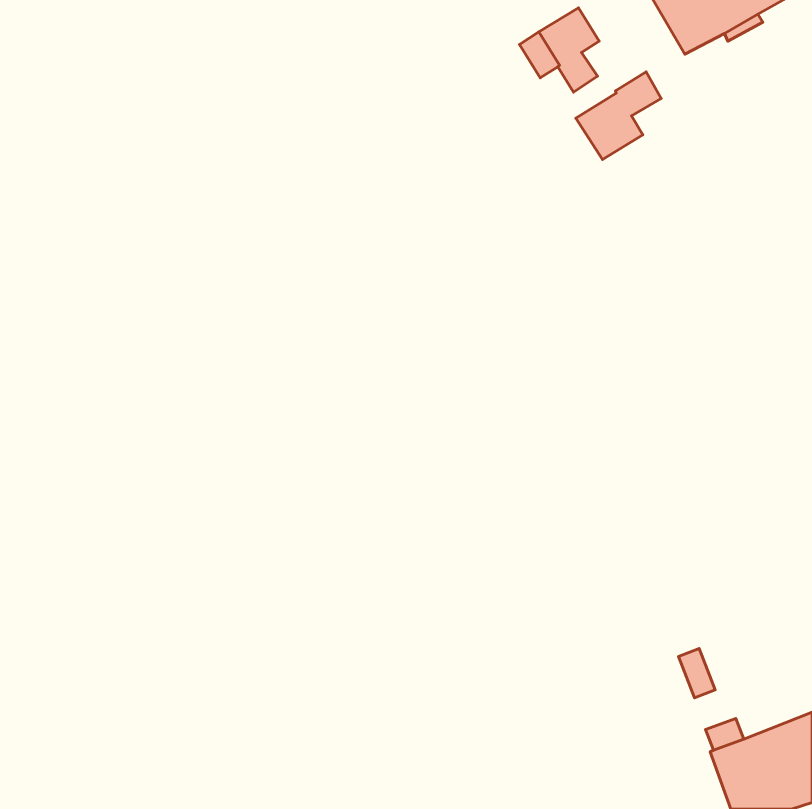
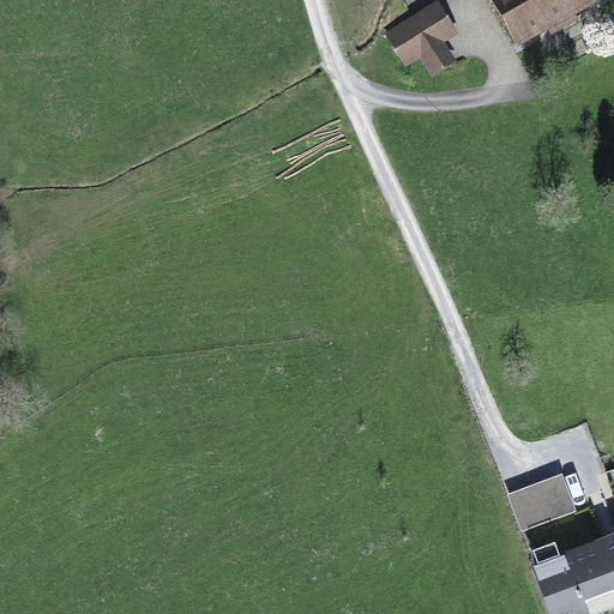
building: [576,72,661,160] -> none
building: none -> [528,477,572,520]

